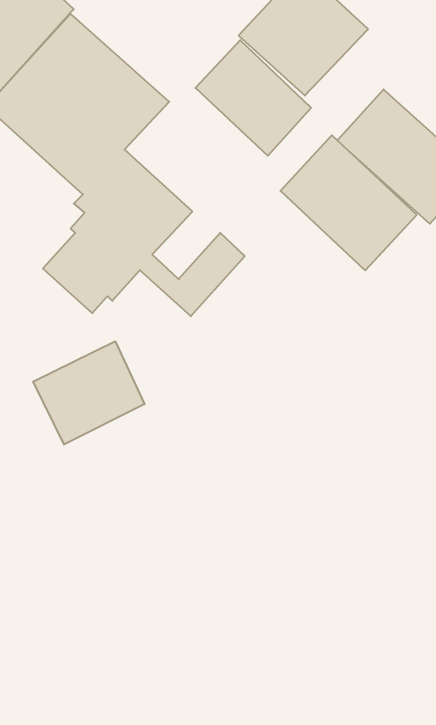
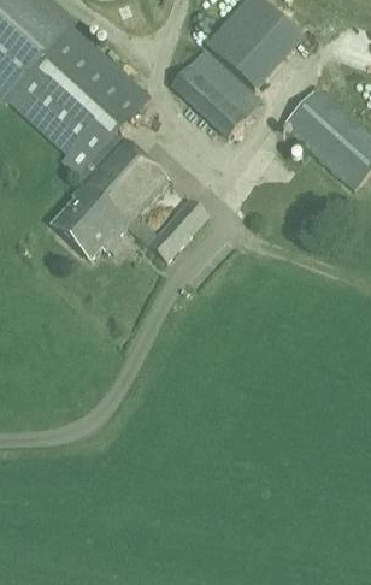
building: [280,135,417,270] -> none
building: [33,341,145,445] -> none

